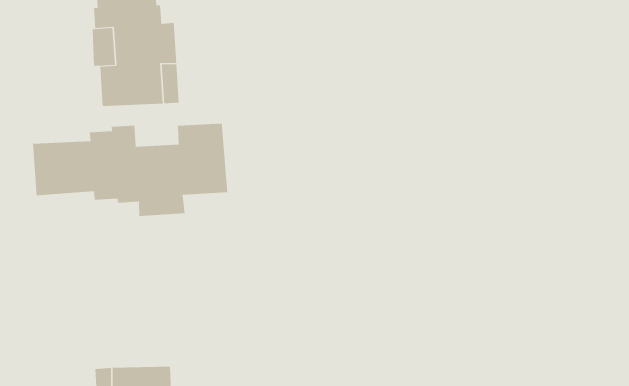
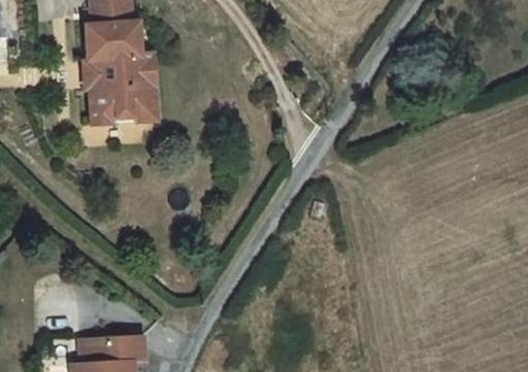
building: [33,123,228,217] -> none

